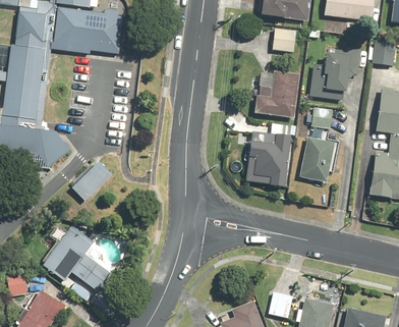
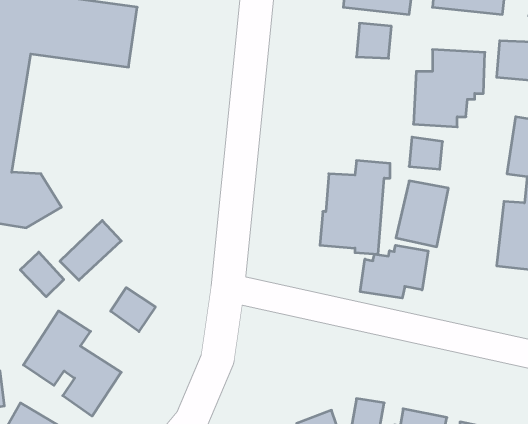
building: [253,73,299,119] -> none
building: none -> [360,245,428,298]
building: none -> [20,252,64,297]
building: none -> [111,288,155,332]

